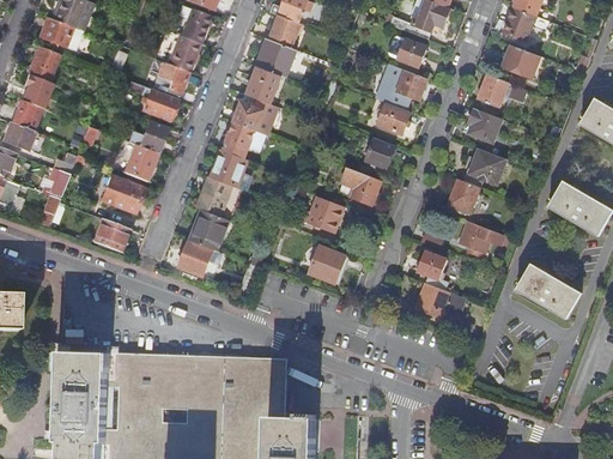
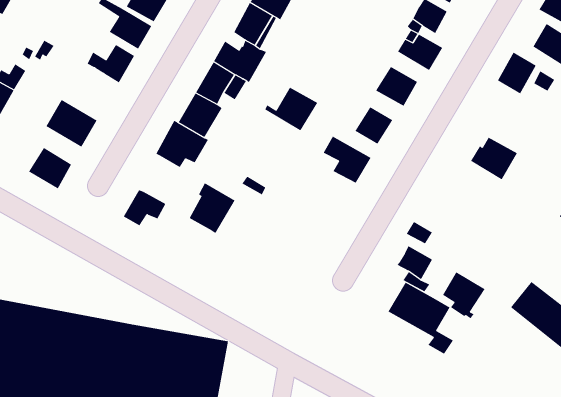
building: [466,107,502,143] -> none
building: [123,144,157,181] -> none
building: [445,179,479,213] -> none
building: [298,198,342,234] -> [265,87,318,131]
building: [193,210,230,252] -> [189,183,235,234]
building: [457,221,493,259] -> [442,272,486,319]
building: [308,247,344,284] -> none

